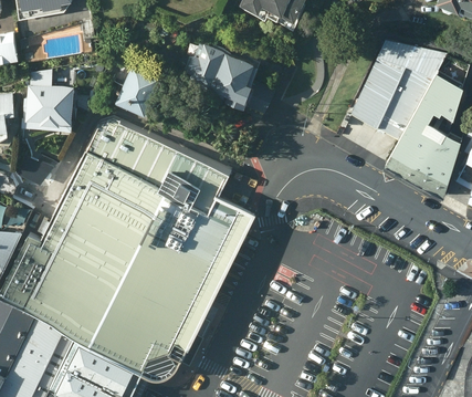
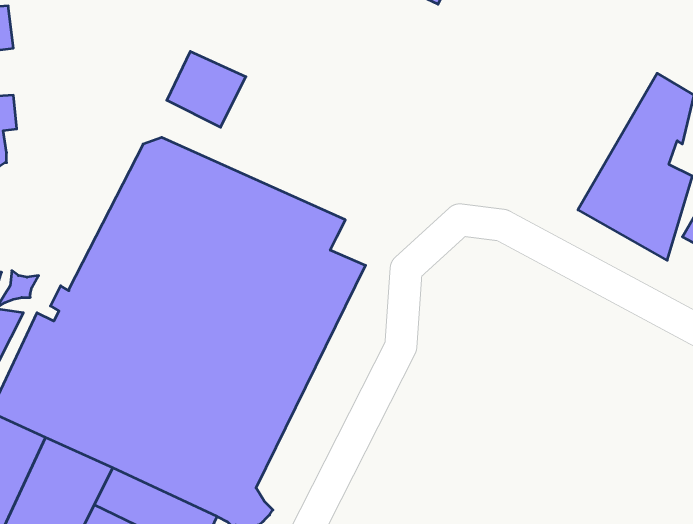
building: [186,41,256,102] -> none
building: [350,42,448,142] -> none
building: [30,85,76,123] -> none
building: [175,202,262,363] -> none

